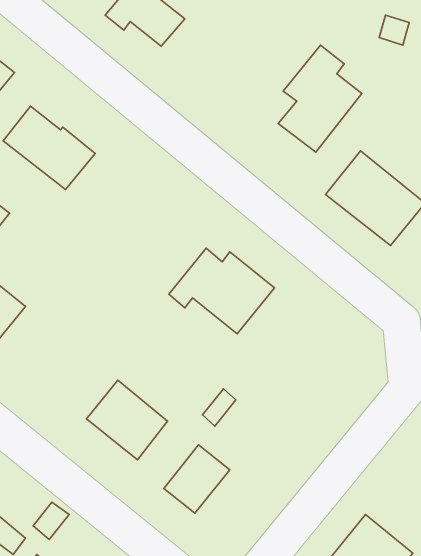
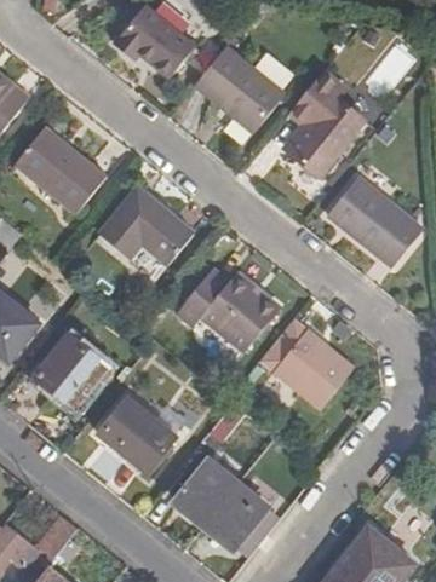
building: none -> [196,48,282,131]
building: none -> [99,186,194,265]
building: none -> [259,324,352,413]
building: none -> [38,336,107,408]
building: none -> [202,484,266,551]

